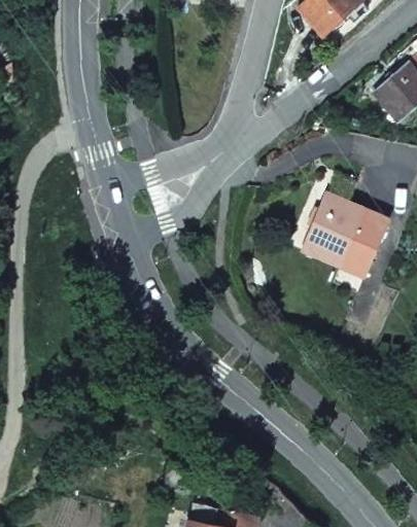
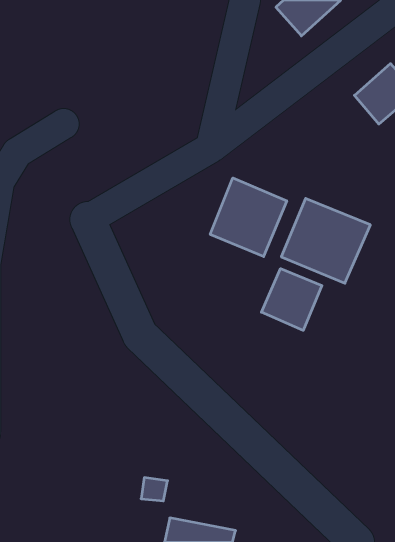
building: none -> [210,178,287,257]
building: none -> [261,269,322,330]

